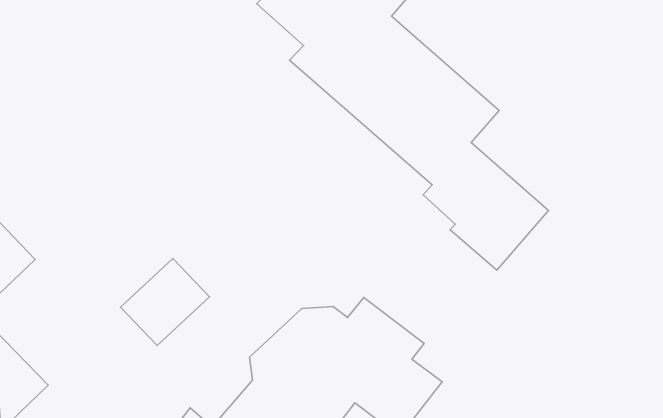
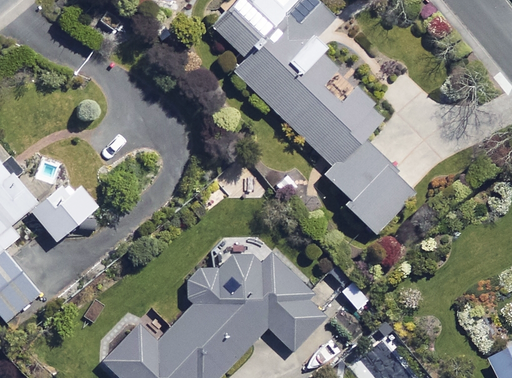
building: [120,259,210,345] -> [32,177,98,240]

